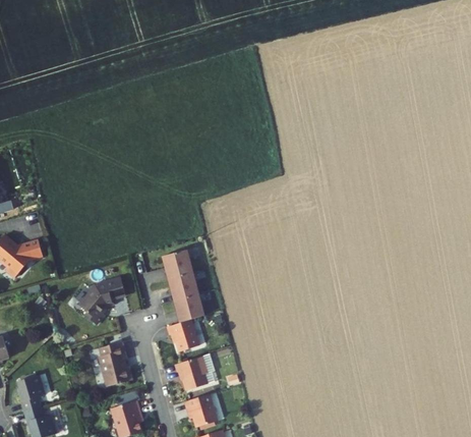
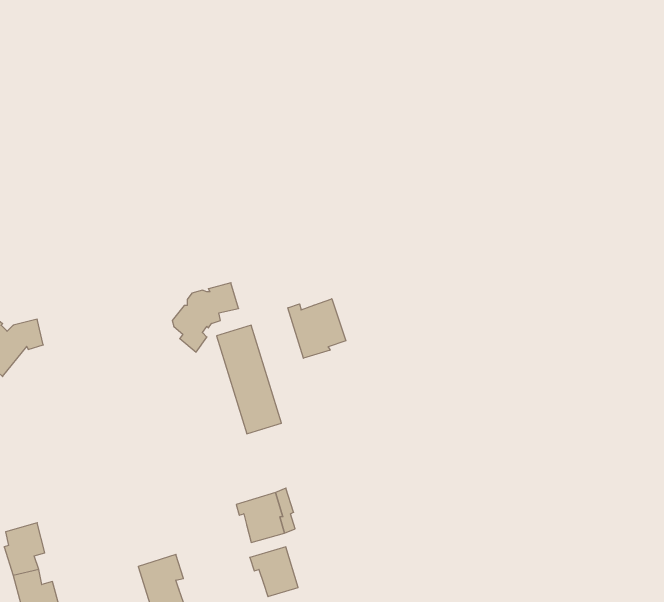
building: none -> [288,299,346,358]
building: [79,279,124,326] -> [172,283,239,352]
building: [169,314,199,346] -> none
building: [95,343,130,388] -> none

